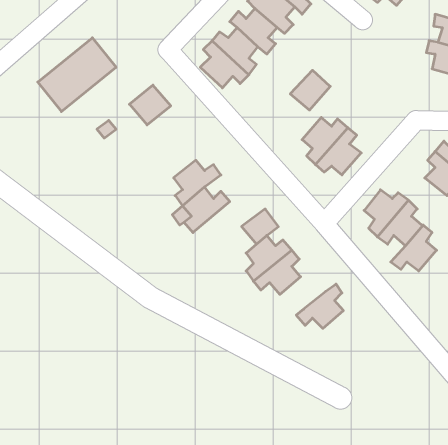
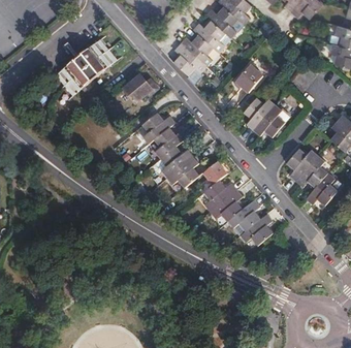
building: none -> [141,113,174,144]
building: none -> [167,156,199,188]
building: none -> [228,199,260,231]

